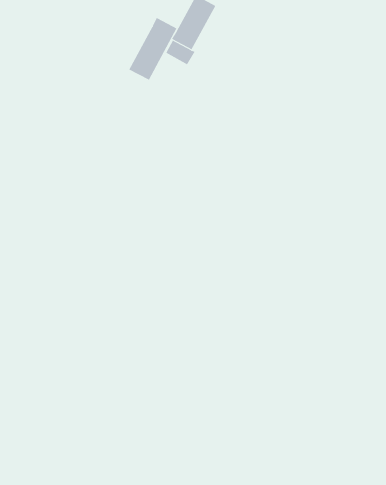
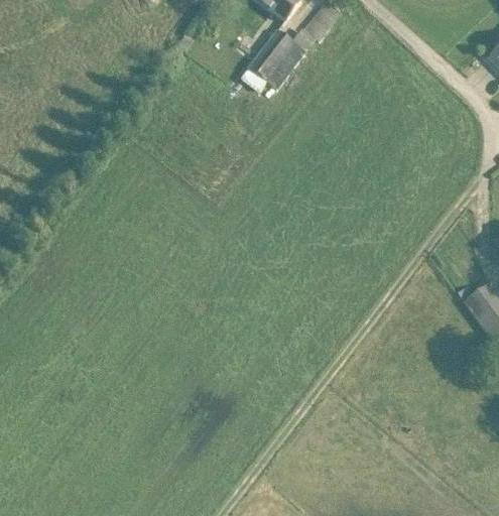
building: [129,17,177,80] -> none

